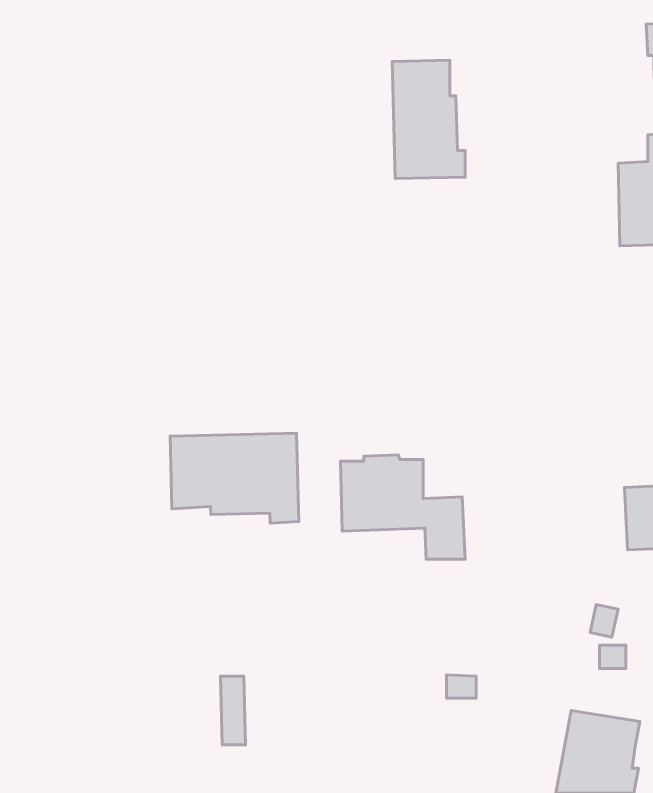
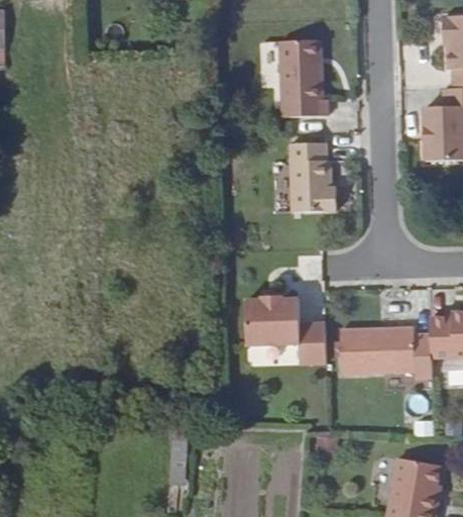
building: none -> [290,142,336,211]
building: [170,433,299,523] -> none
building: none -> [341,327,416,374]

